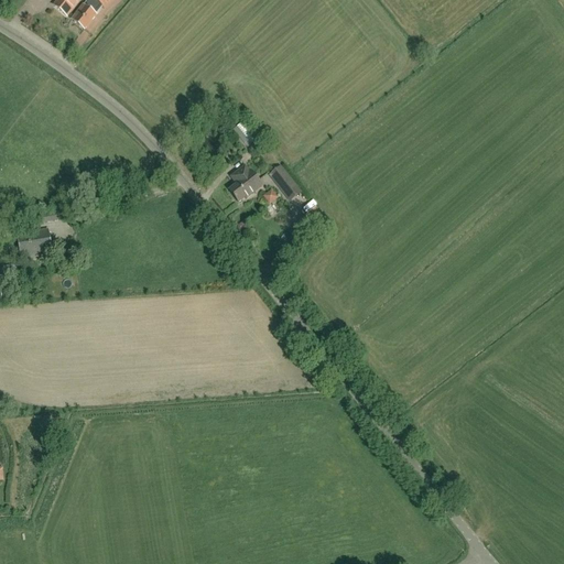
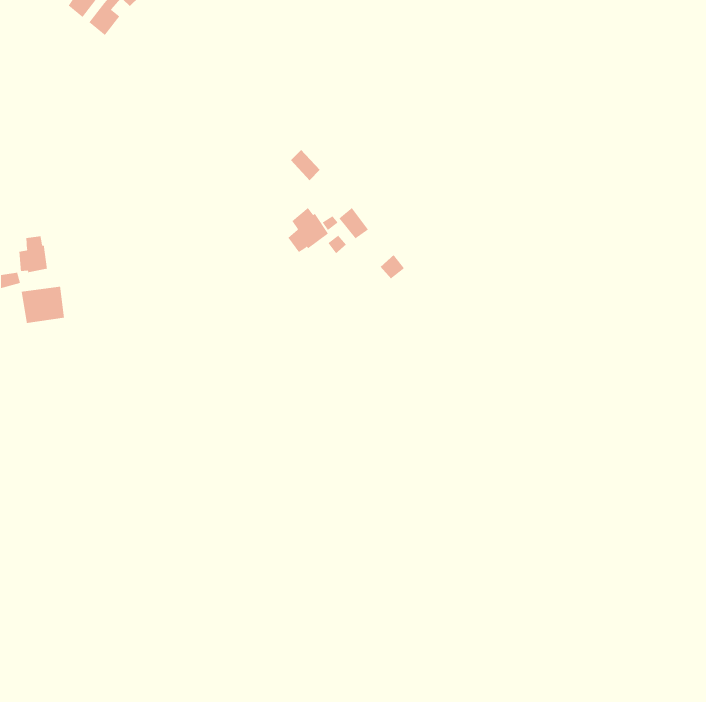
building: none -> [19,235,47,273]

